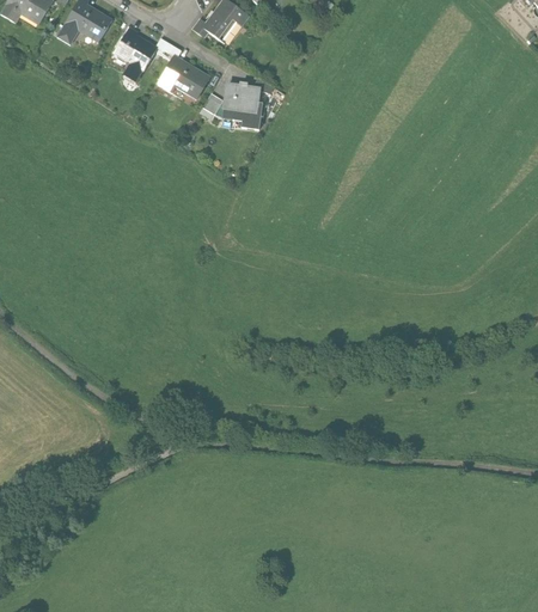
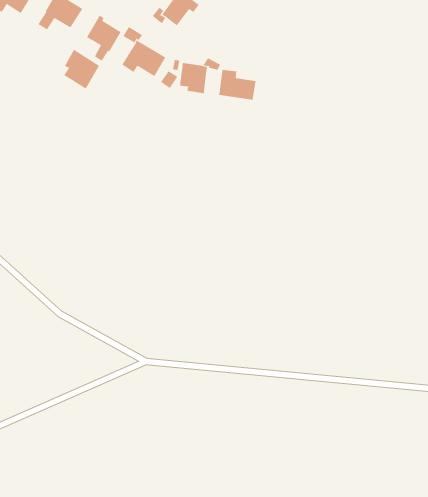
building: none -> [64,49,100,89]
building: none -> [218,69,256,101]

